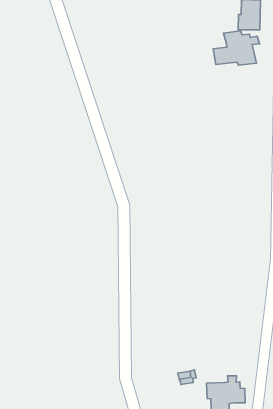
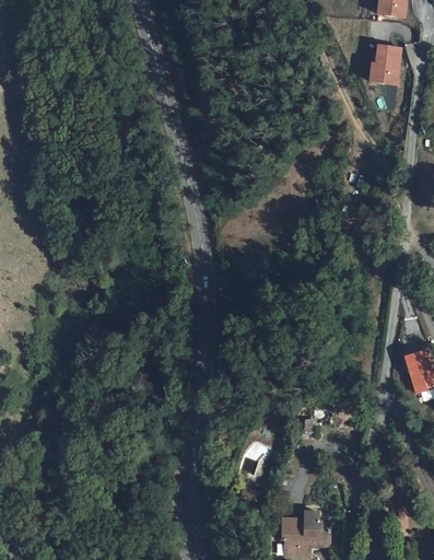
building: [213,31,260,65] -> none

